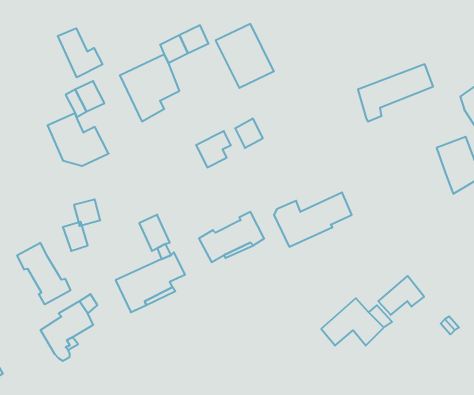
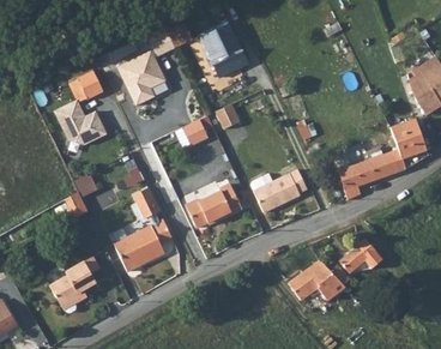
building: [58,28,102,77] -> none
building: [358,64,433,121] -> [339,150,404,199]
building: [17,243,70,304] -> none

